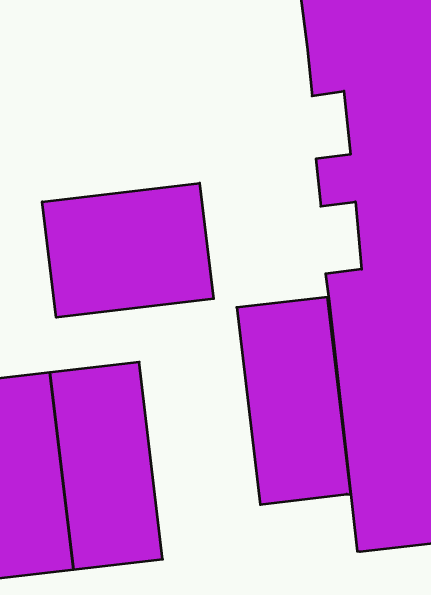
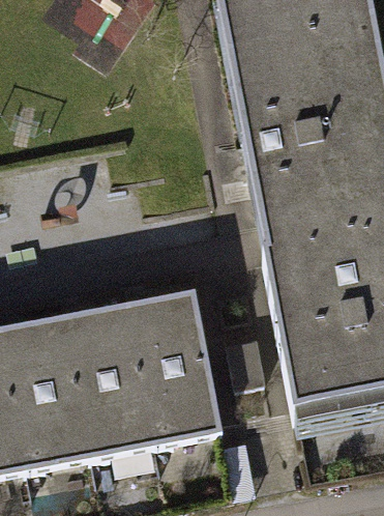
building: [42,183,214,317] -> none
building: [237,297,351,505] -> [130,289,224,443]

